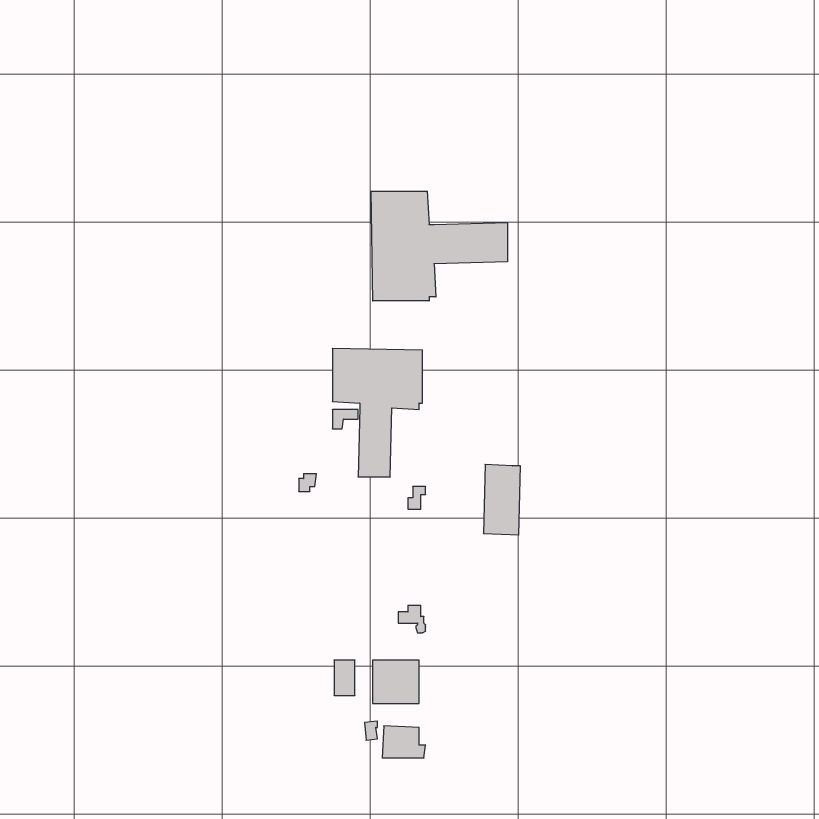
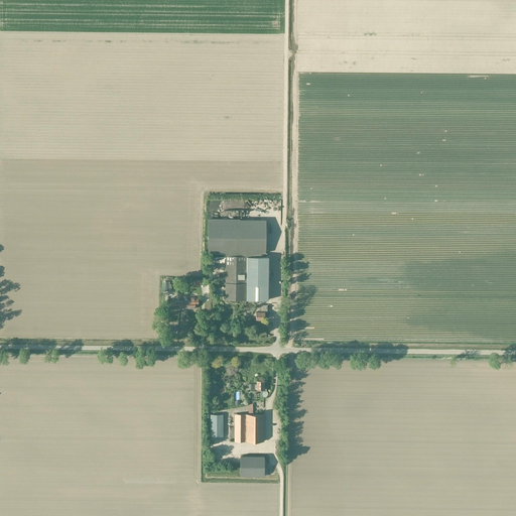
building: [371,191,507,301] -> none
building: [483,464,520,535] -> [246,257,269,301]

